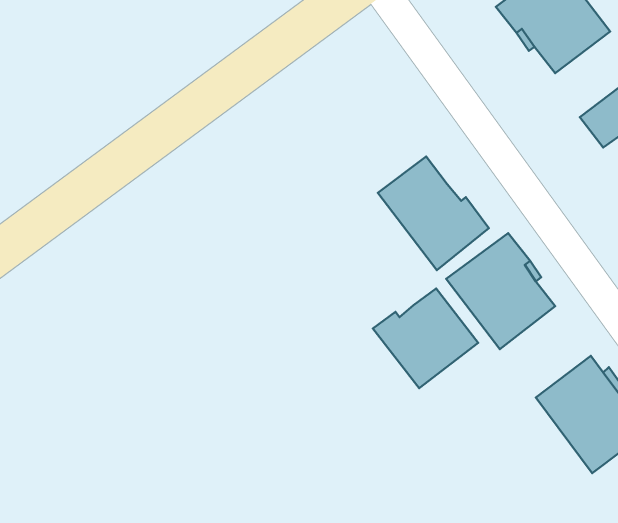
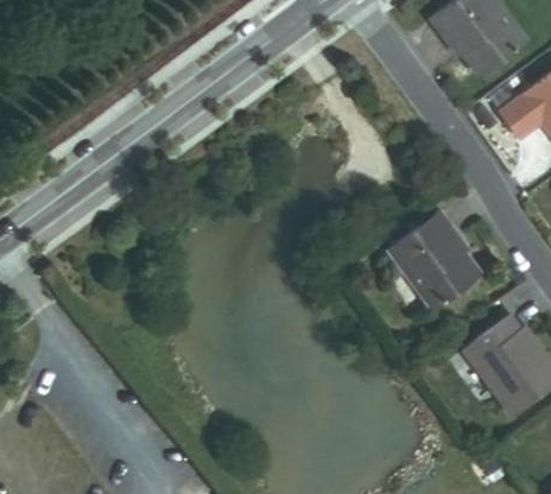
building: [378,157,489,270] -> none
building: [373,289,478,388] -> none

